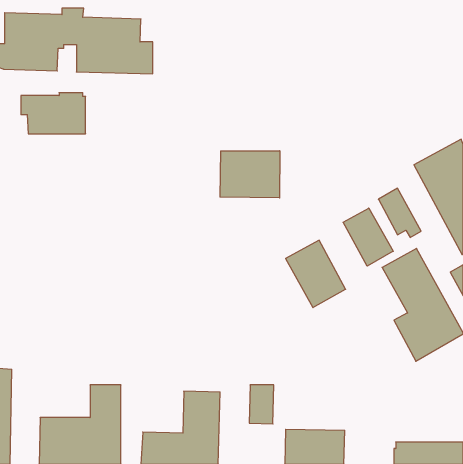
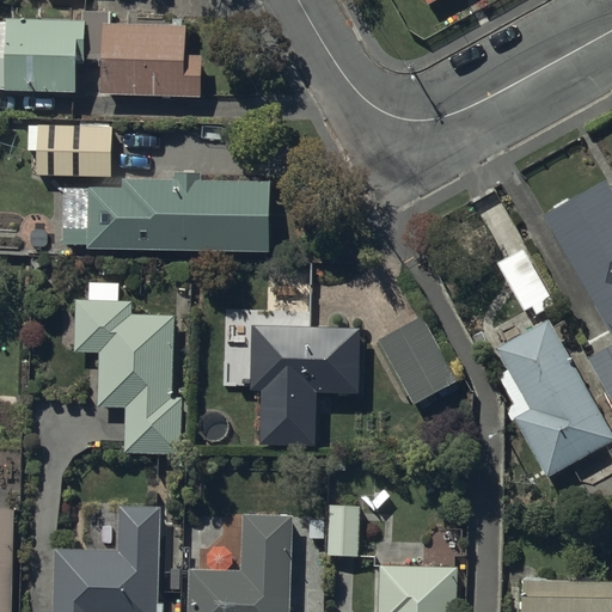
building: none -> [62,173,269,251]
building: [220,151,280,198] -> none
building: [343,208,393,266] -> none
building: none -> [74,282,180,453]
building: none -> [250,325,357,445]

